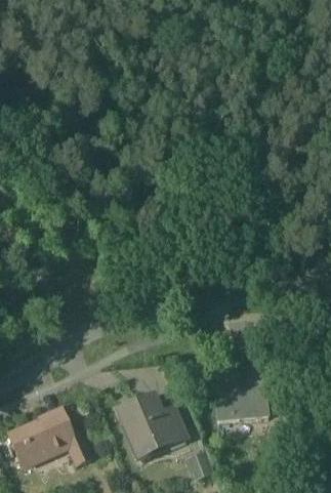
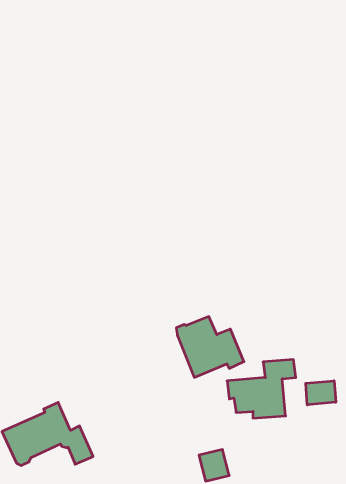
building: none -> [306,381,336,405]
building: [121,403,182,458] -> [176,317,244,377]

